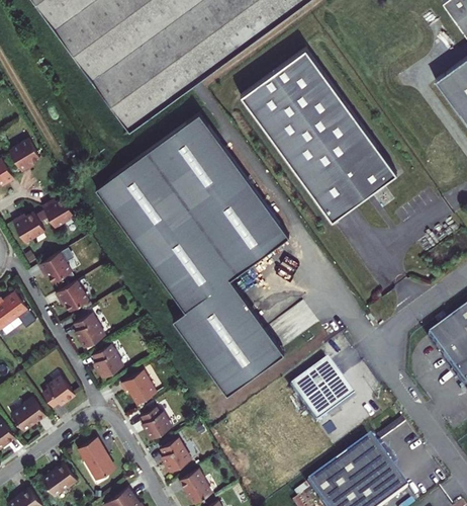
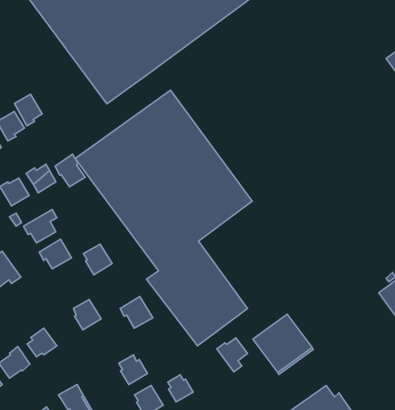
building: [242,50,395,221] -> none
building: none -> [15,94,42,126]
building: none -> [55,154,85,187]
building: [74,313,105,346] -> [84,244,112,275]
building: [121,368,157,403] -> [120,297,153,328]
building: none -> [217,338,247,372]
building: none -> [168,375,193,402]

